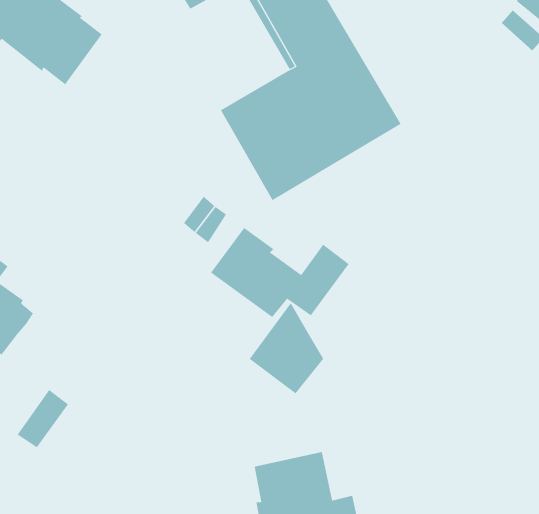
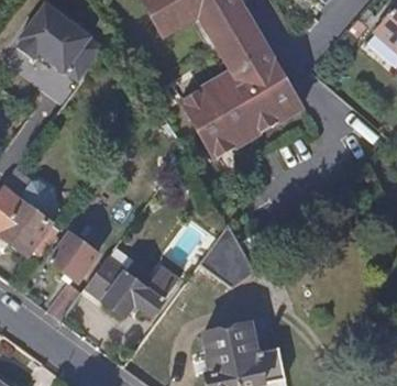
building: [210,227,350,318] -> [86,257,177,317]
building: none -> [47,232,97,282]

